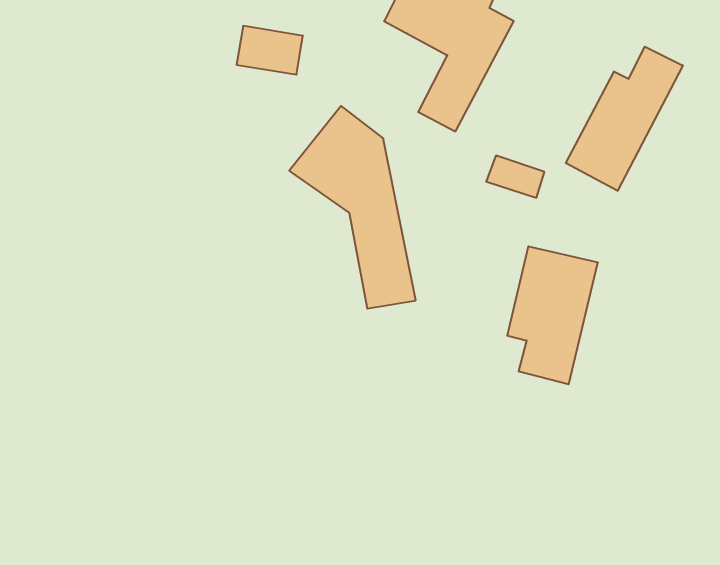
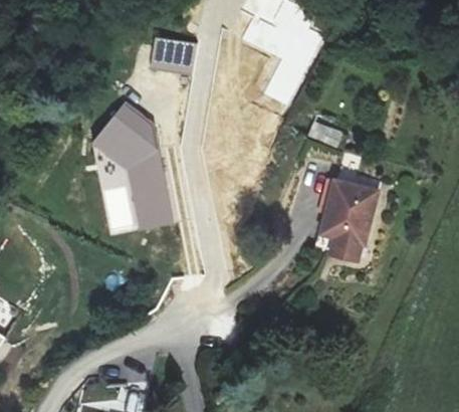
building: [566,47,683,191] -> none
building: [289,106,416,308] -> [92,102,171,228]

